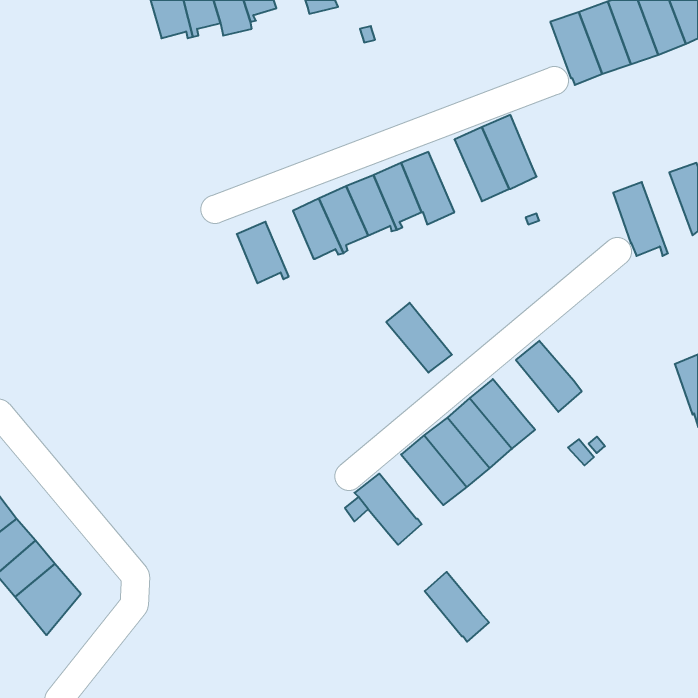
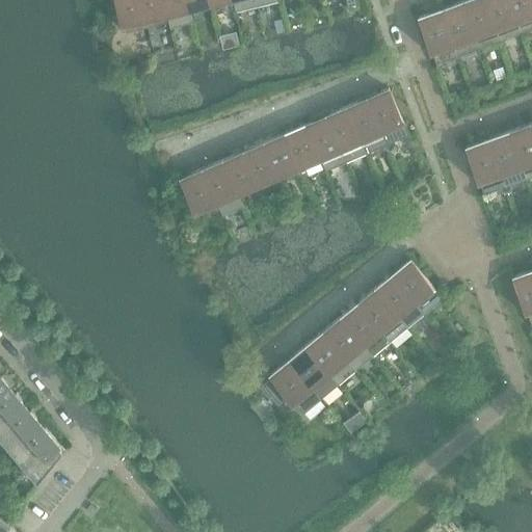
building: none -> [325,107,366,162]
building: none -> [487,132,526,193]
building: none -> [202,161,243,215]
building: [386,303,452,373] -> [374,274,424,327]
building: [425,572,489,642] -> [288,346,337,399]

